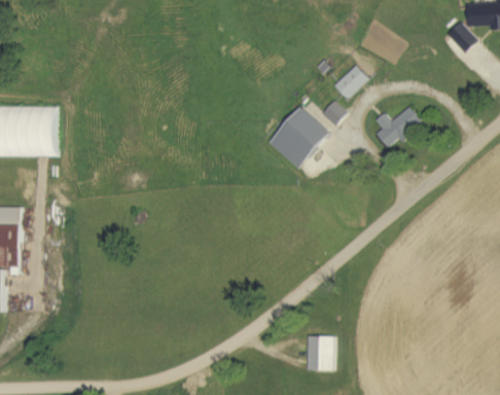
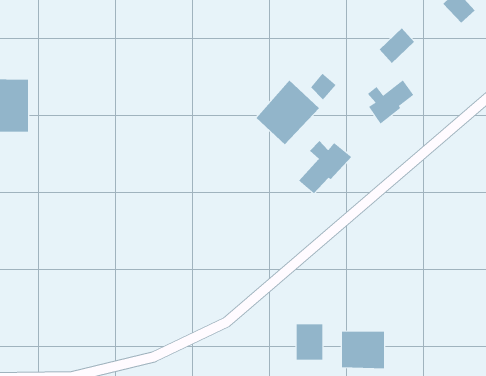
building: [333,64,367,98] -> [379,28,415,64]
building: none -> [298,140,352,194]
building: none -> [342,331,385,369]

